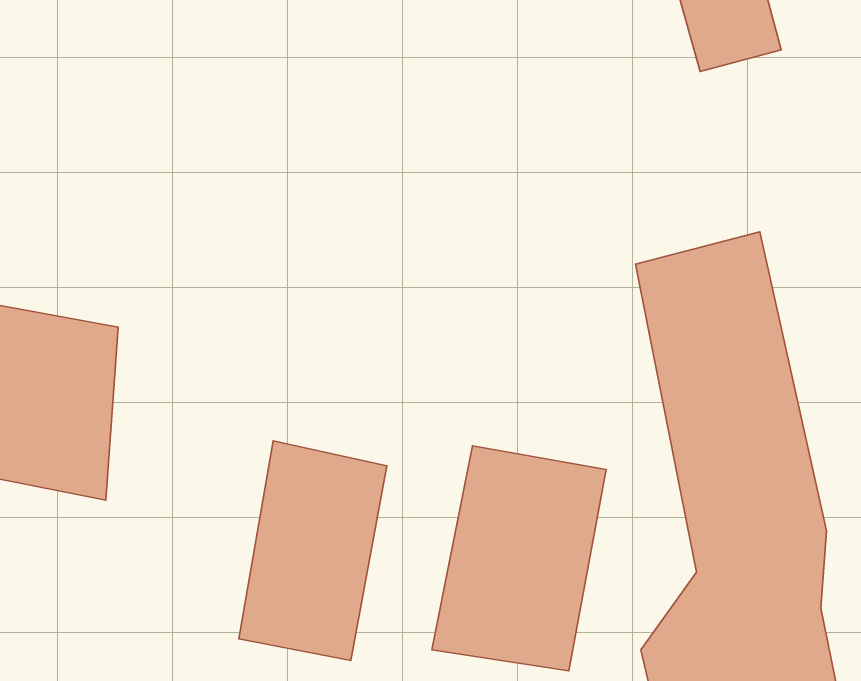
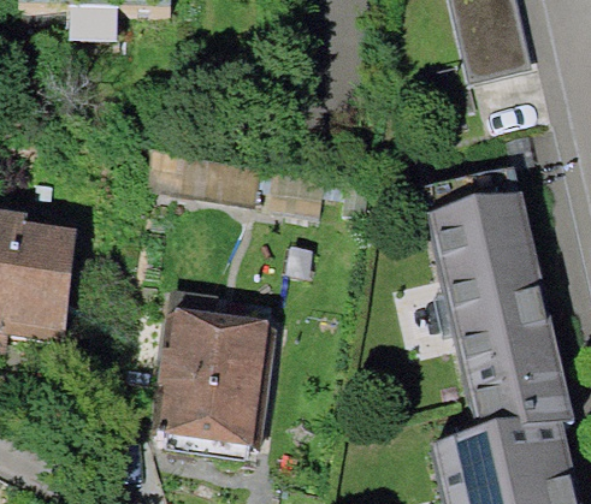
building: [432,446,606,671] -> none

